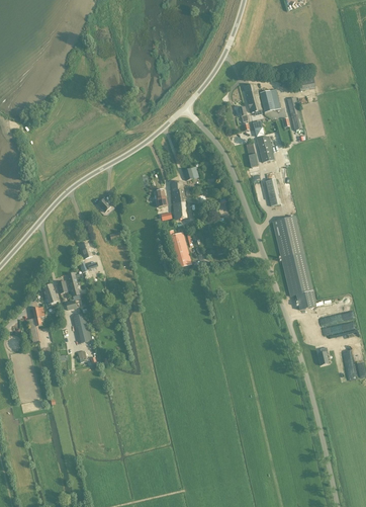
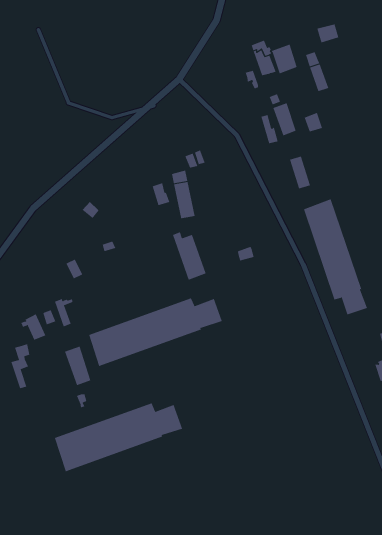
building: none -> [88,297,222,367]
building: none -> [54,402,183,472]

